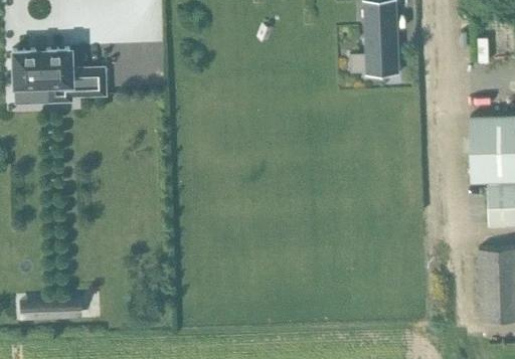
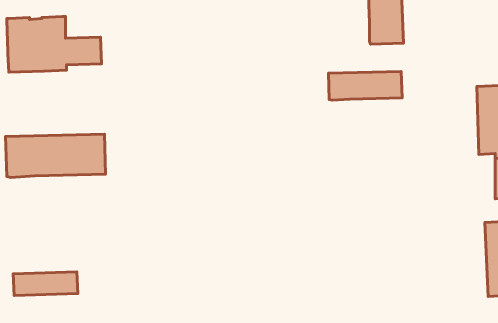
building: none -> [328,71,402,100]
building: none -> [6,134,106,177]

